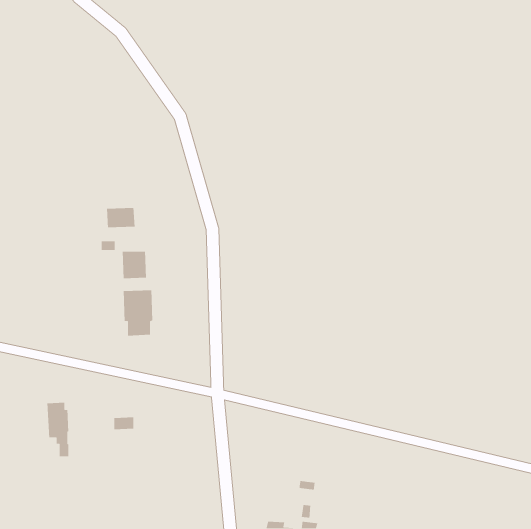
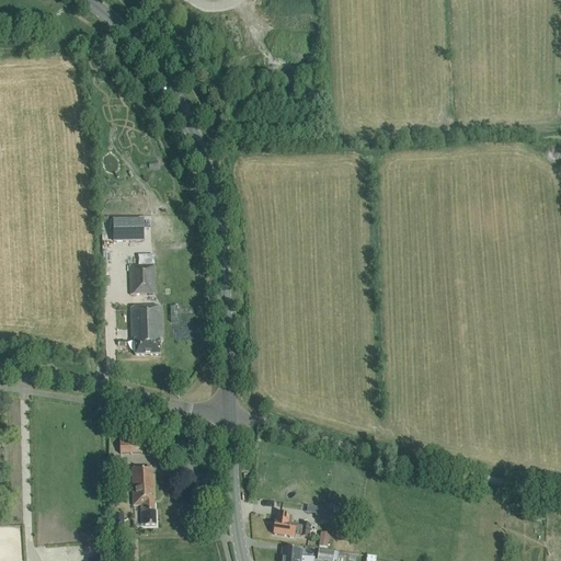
building: [46,402,69,457] -> [130,466,154,524]
building: none -> [273,513,310,536]

